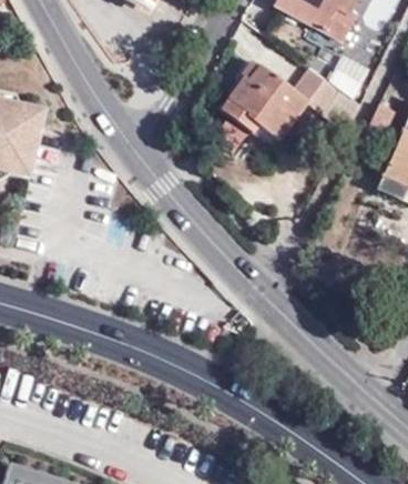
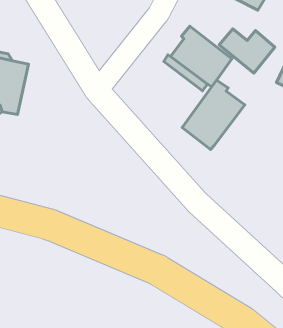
building: none -> [182,80,245,150]

